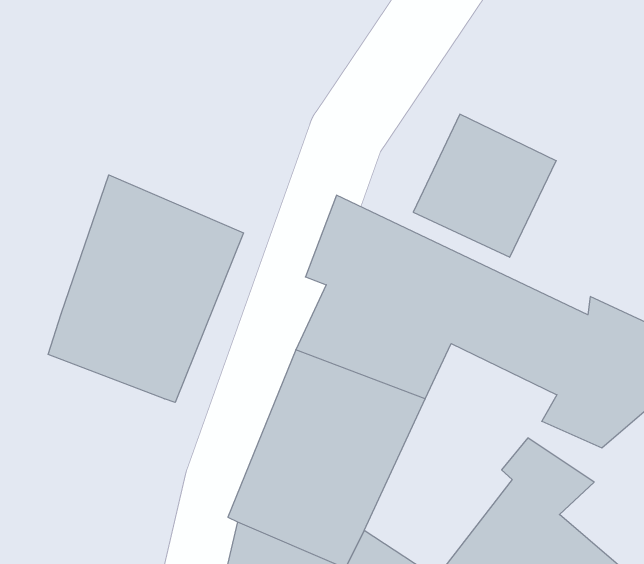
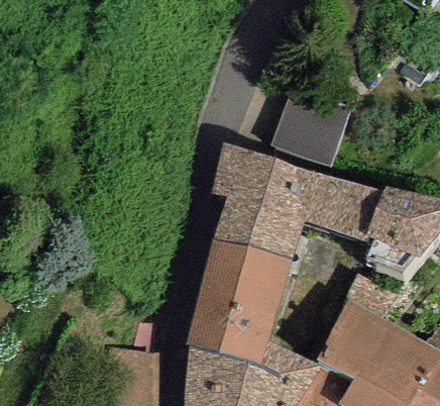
building: [48,175,244,402] -> none

